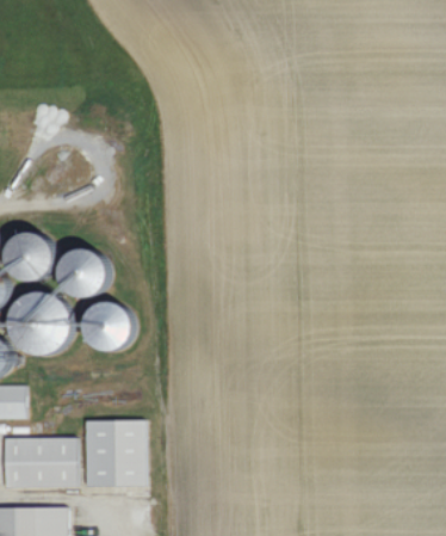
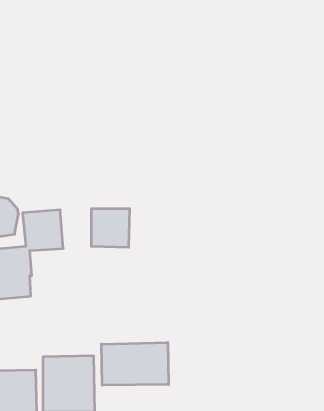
building: [87,303,132,349] -> [91,209,130,247]
building: none -> [101,342,169,385]

